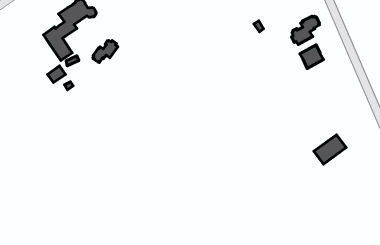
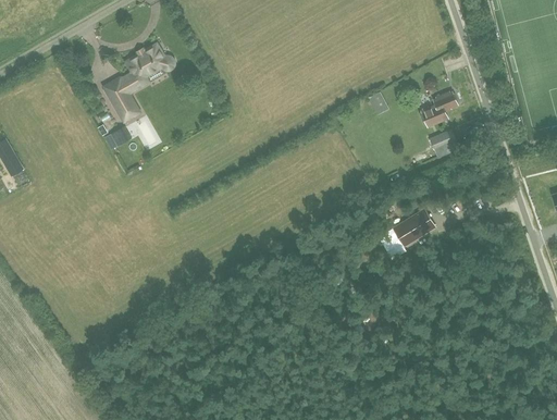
building: [93,41,118,62] -> none
building: [314,135,346,164] -> [393,209,434,245]

